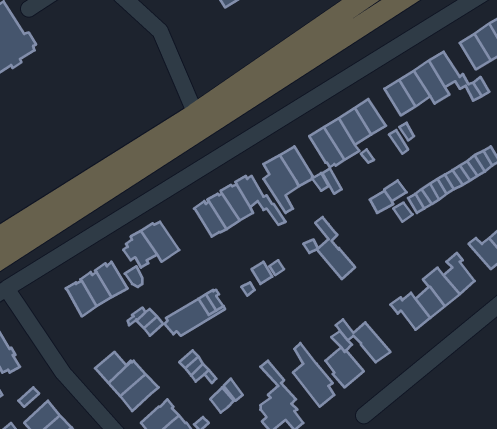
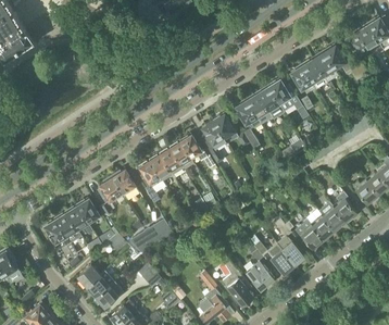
building: none -> [139,161,163,202]
building: [315,217,355,279] -> [275,220,304,265]
building: none -> [45,220,87,270]

